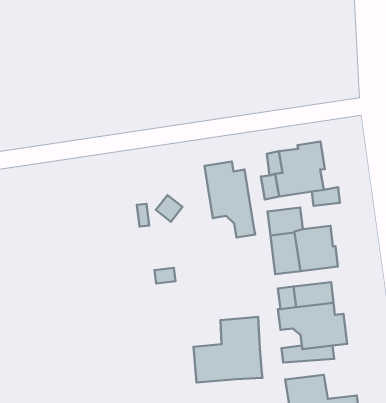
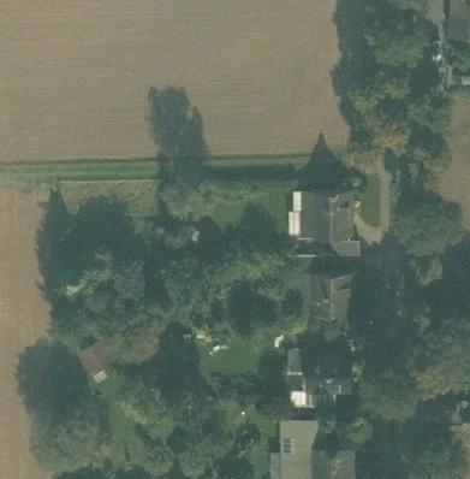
building: [204,161,255,237] -> none
building: none -> [77,338,115,375]
building: [193,317,262,383] -> none

